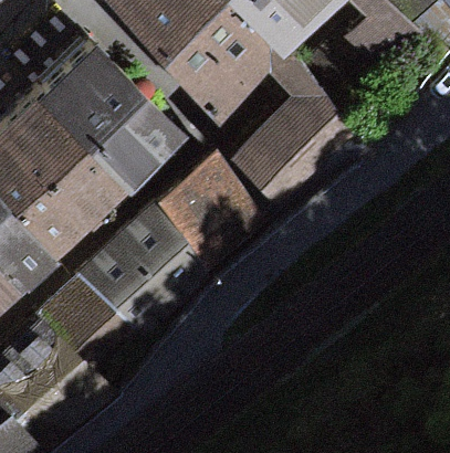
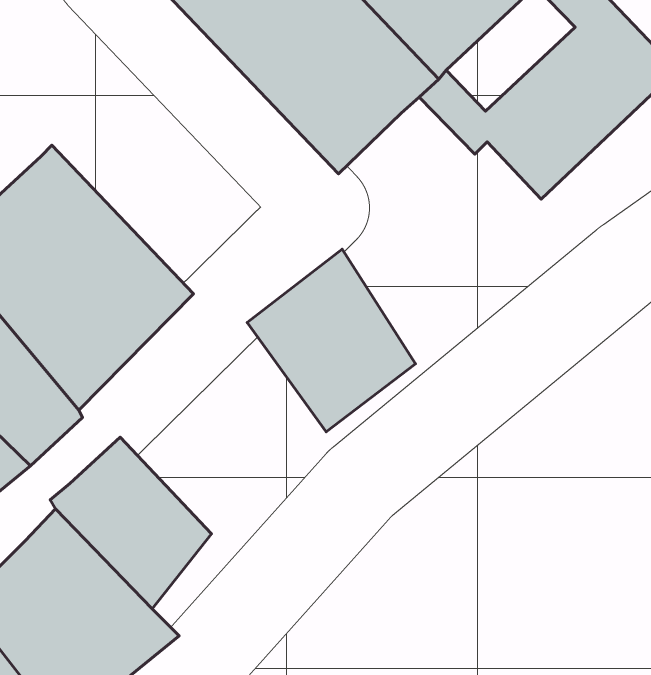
building: [23,27,176,183] -> none
building: [232,89,347,203] -> none
building: [76,201,209,341] -> none

